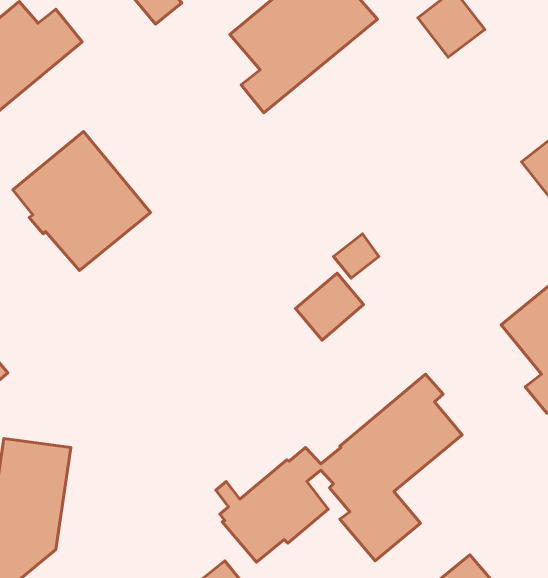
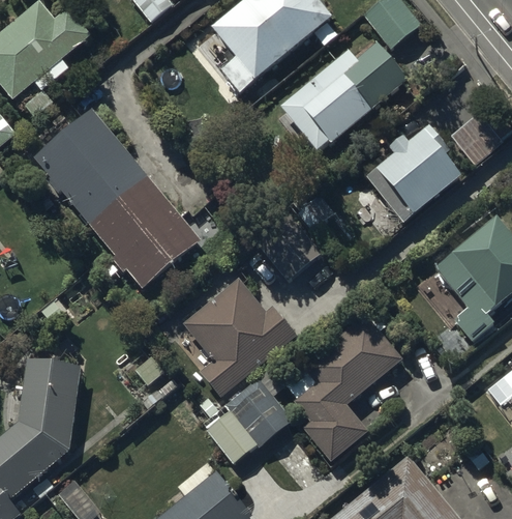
building: none -> [279,42,405,150]
building: none -> [367,125,465,222]
building: none -> [88,175,201,289]
building: none -> [183,278,296,398]

